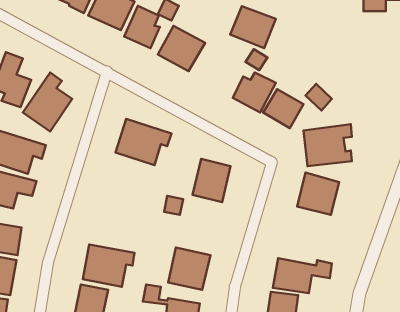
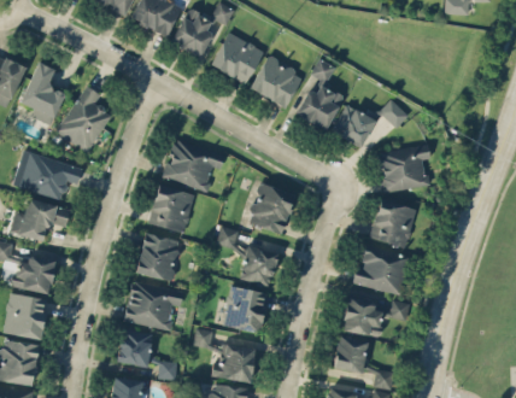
building: [230,6,276,48] -> [251,58,303,106]
building: none -> [147,183,195,233]
building: none -> [135,232,182,281]
building: none -> [241,246,277,285]
building: none -> [352,246,410,294]

